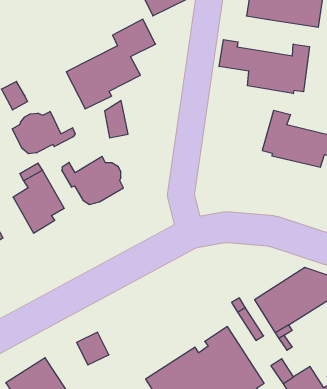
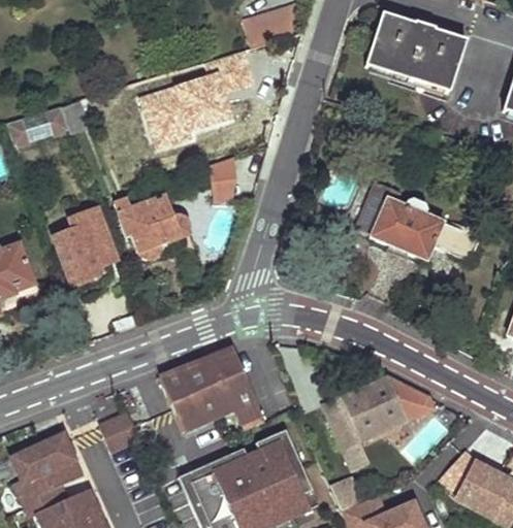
building: [219,40,309,94] -> none
building: [105,101,128,138] -> [213,157,236,199]
building: [12,111,75,154] -> none
building: none -> [159,348,264,430]

